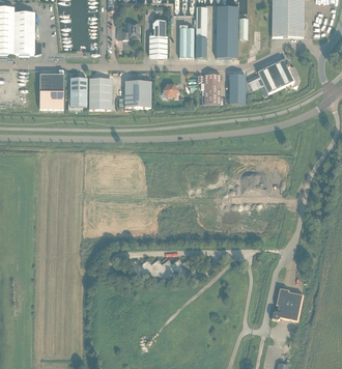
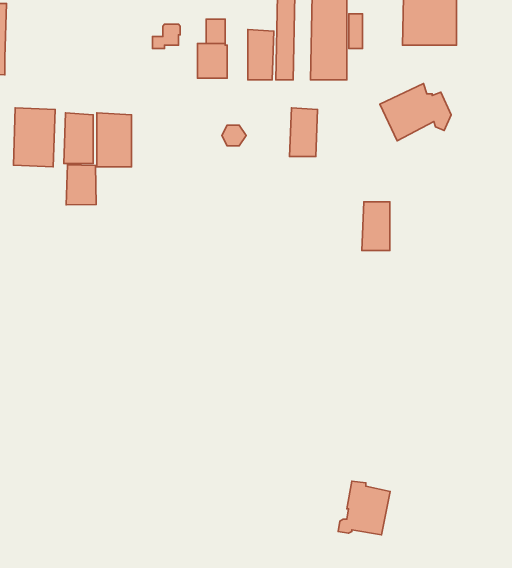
building: [228,75,245,104] -> [362,202,390,251]
building: [123,81,150,107] -> none
building: none -> [66,165,96,205]
building: [270,288,302,320] -> [338,481,390,535]

